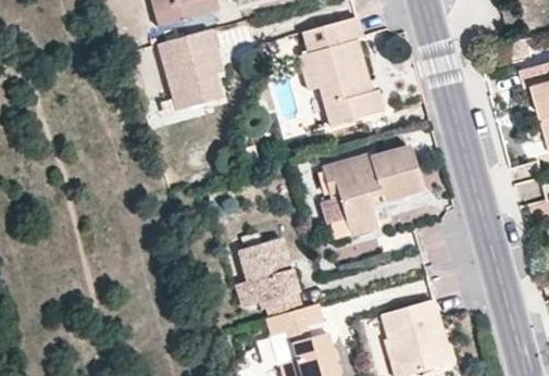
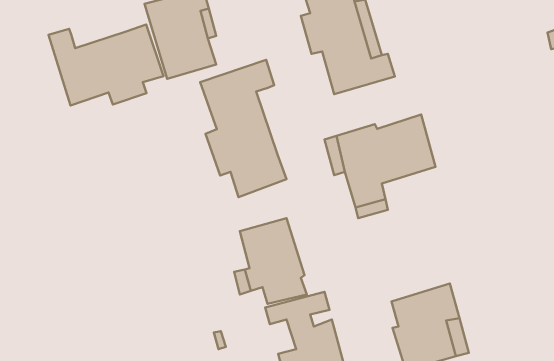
building: none -> [49,24,163,105]
building: none -> [200,60,287,197]

